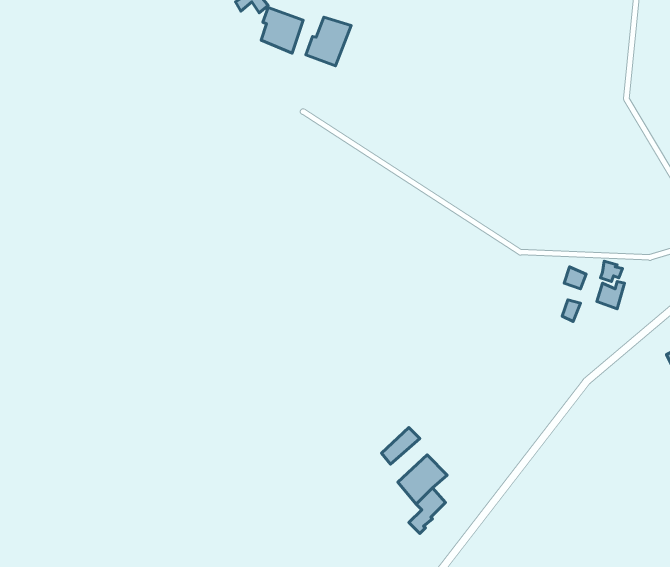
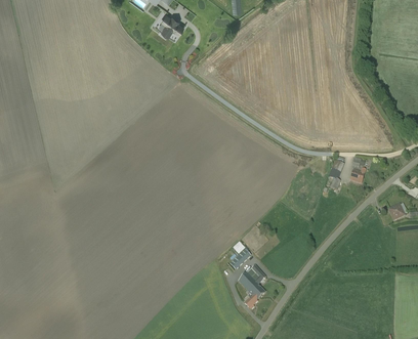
building: [306,17,351,66] -> none

